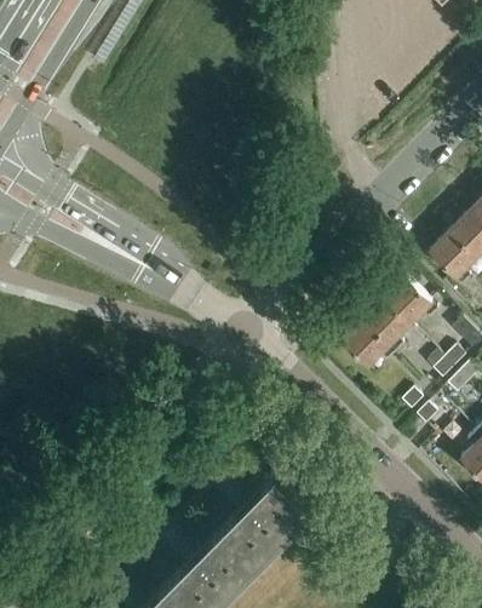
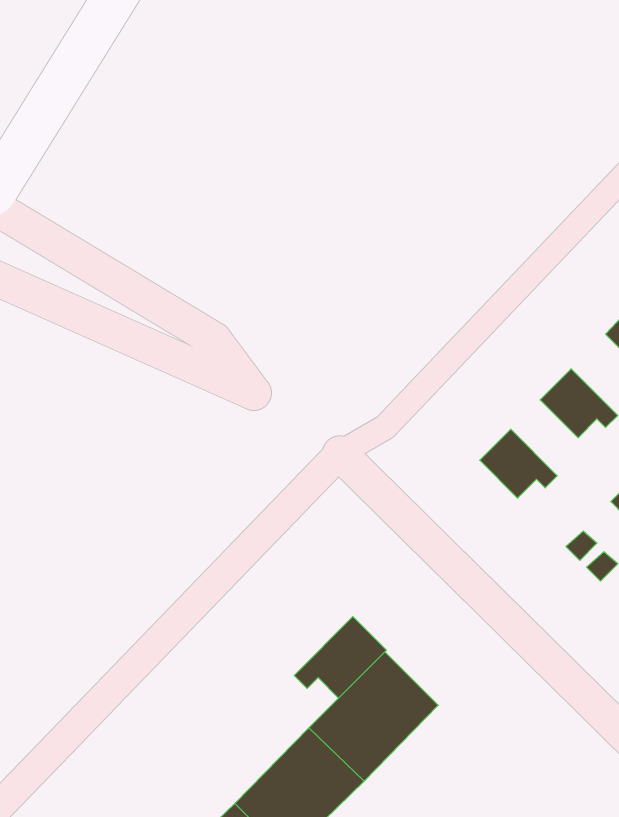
building: [363,296,411,349] -> none
building: none -> [294,617,386,698]

